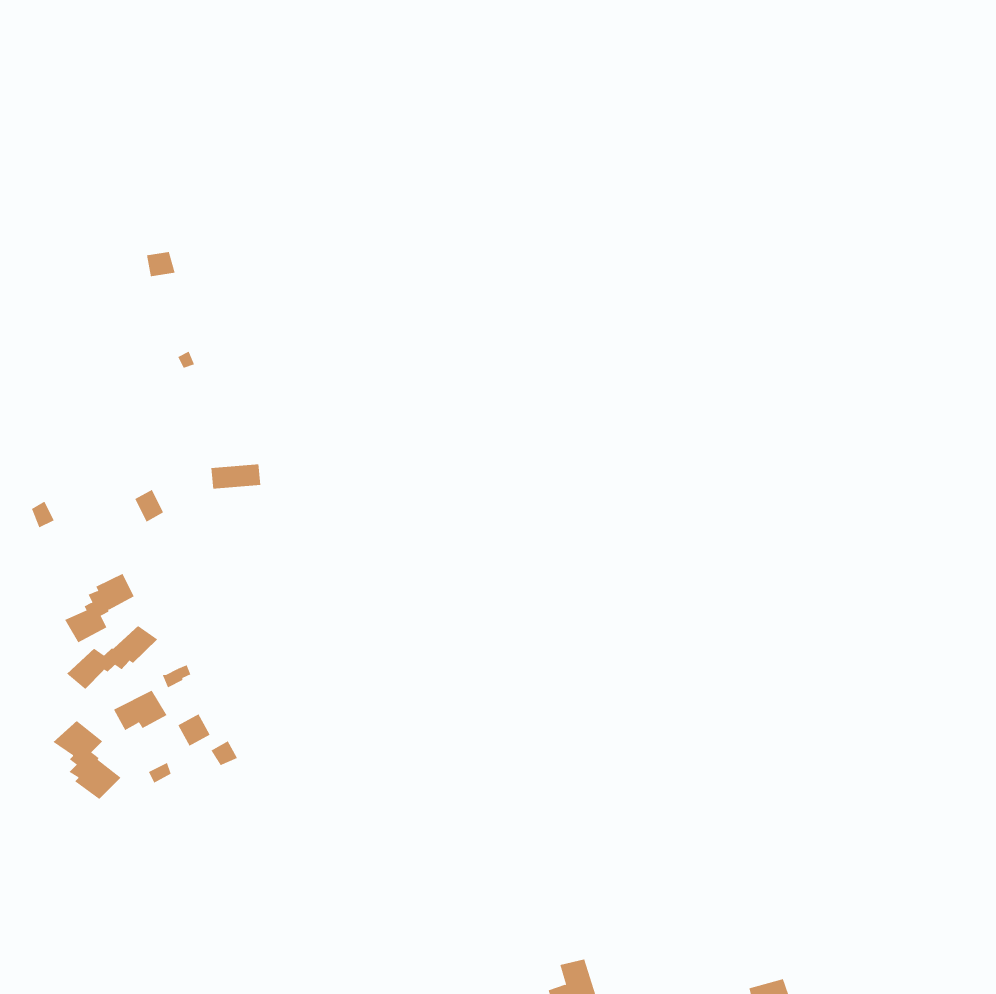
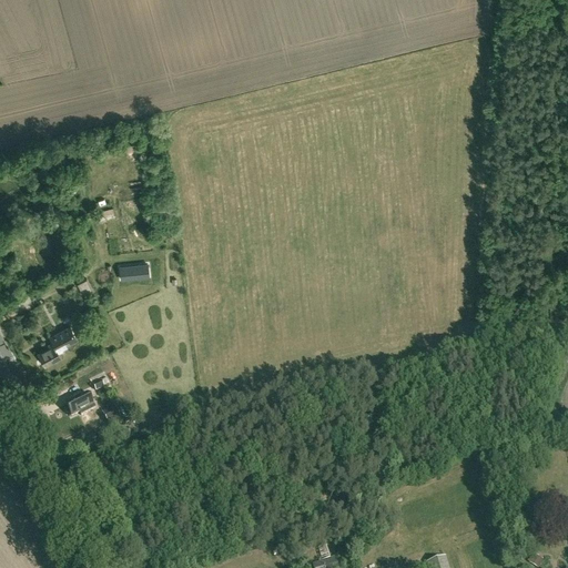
building: [66,625,158,690] -> none
building: [52,720,121,800] -> none

